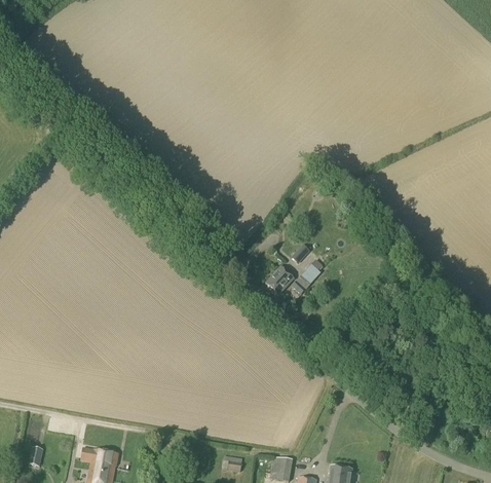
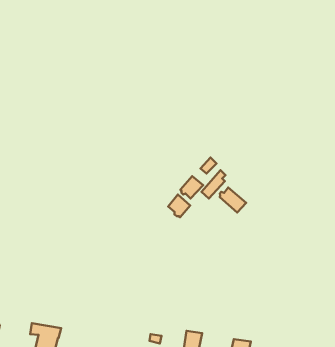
building: none -> [220,188,246,213]
building: none -> [168,194,190,217]

